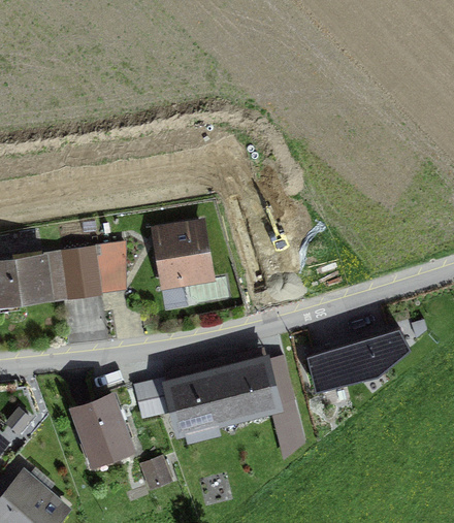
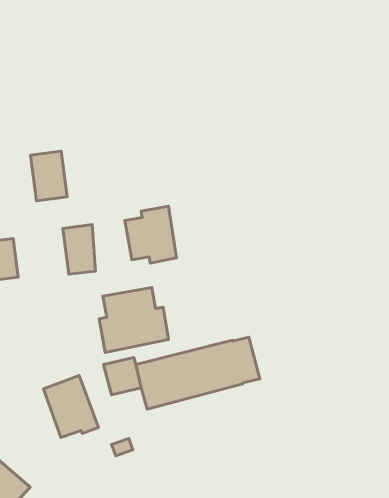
building: [62,248,99,298] -> [31,151,67,201]
building: none -> [99,287,168,352]
building: [306,329,410,390] -> none

